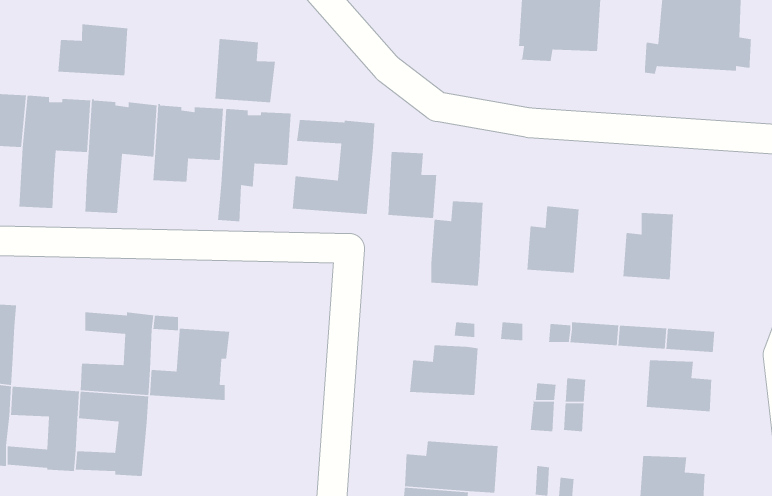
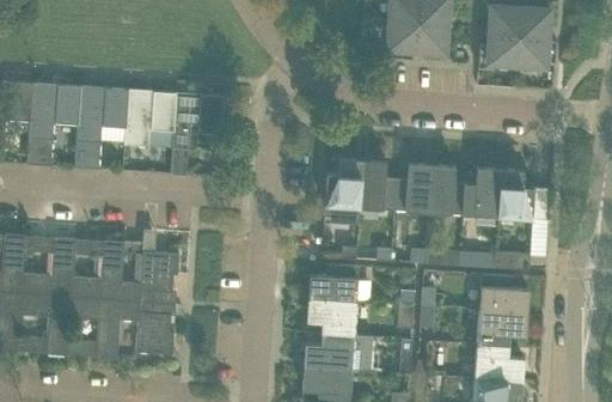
building: [57,23,128,76] -> none
building: [215,38,276,103] -> none
building: [292,119,375,215] -> none
building: [388,151,437,219] -> [360,160,396,209]
building: none -> [428,165,465,214]
building: none -> [497,169,534,219]
building: none -> [22,236,74,297]
building: none -> [307,298,356,335]
building: none -> [120,300,176,354]
building: none -> [477,309,526,345]

